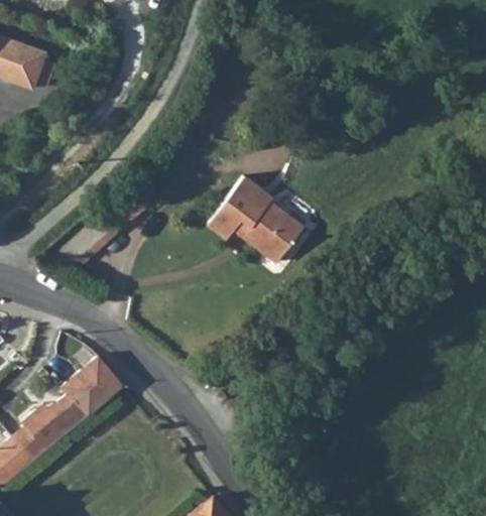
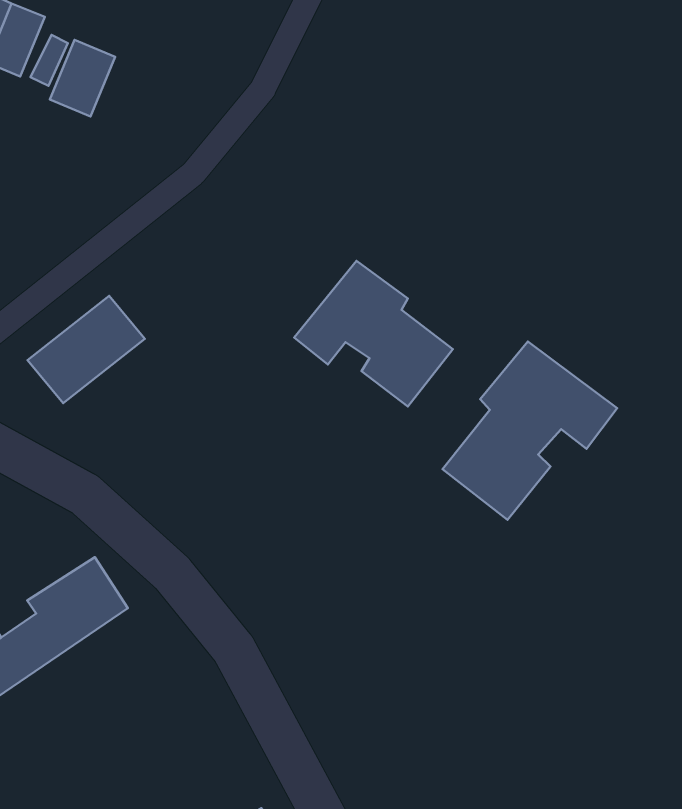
building: none -> [50,40,115,117]
building: none -> [443,342,617,520]

